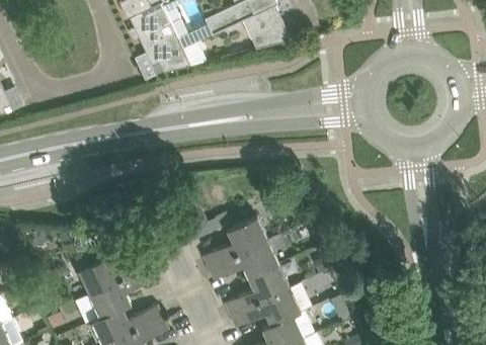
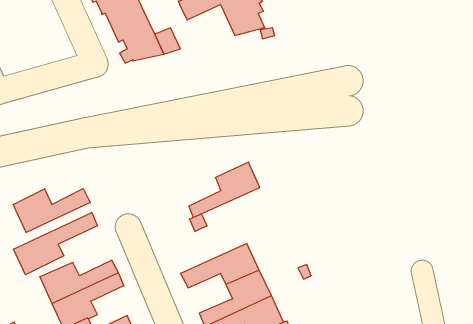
building: none -> [13,189,90,233]
building: none -> [13,212,97,275]
building: [201,217,266,267] -> [189,162,260,217]

